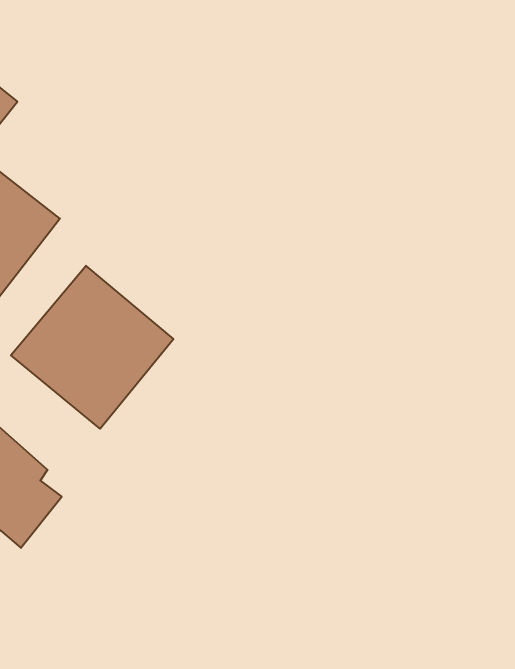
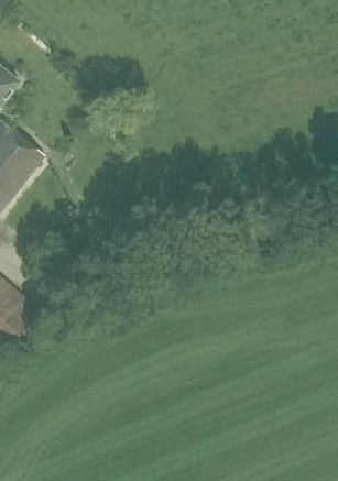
building: [11,266,173,429] -> none

